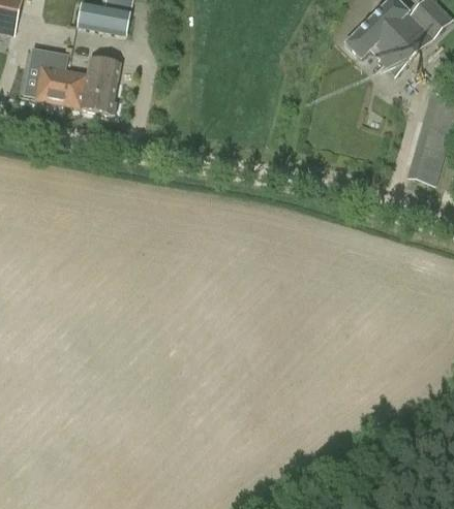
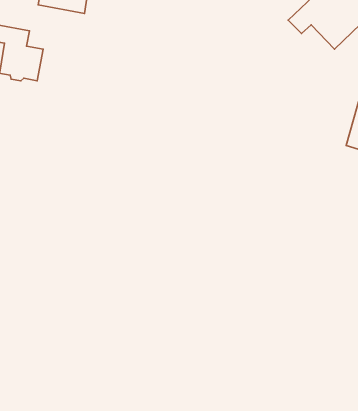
building: [75,54,119,113] -> none

